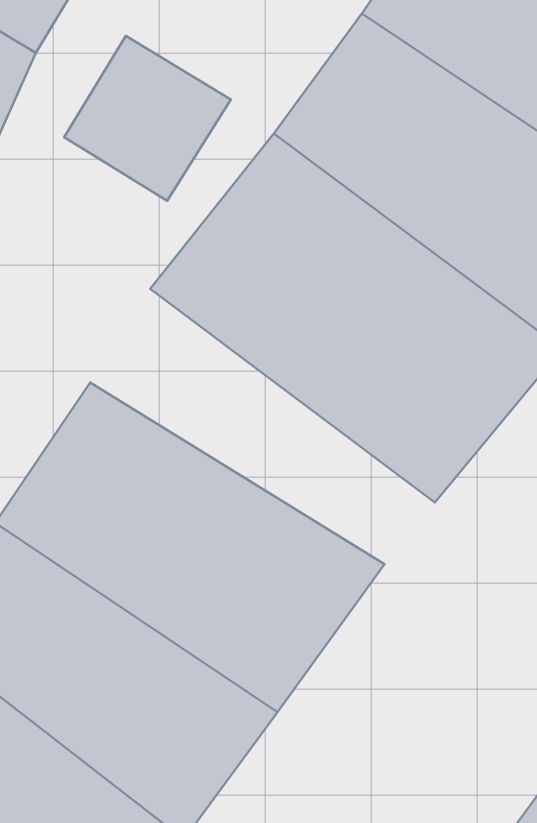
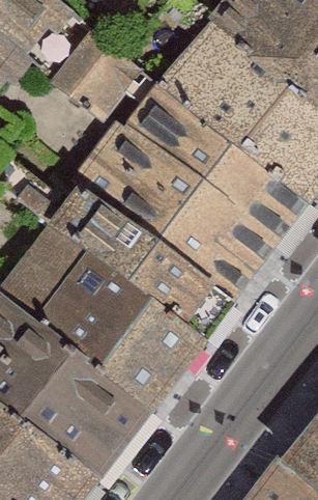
building: none -> [53,169,243,322]

